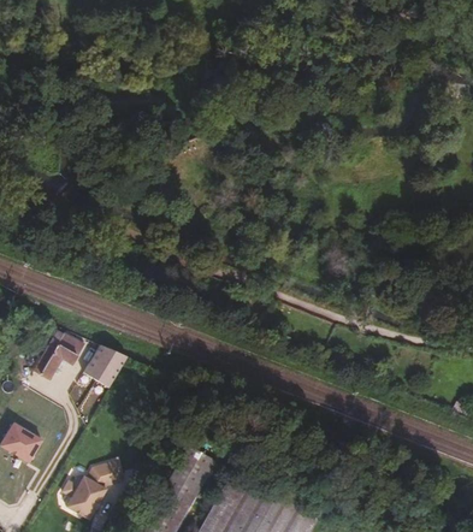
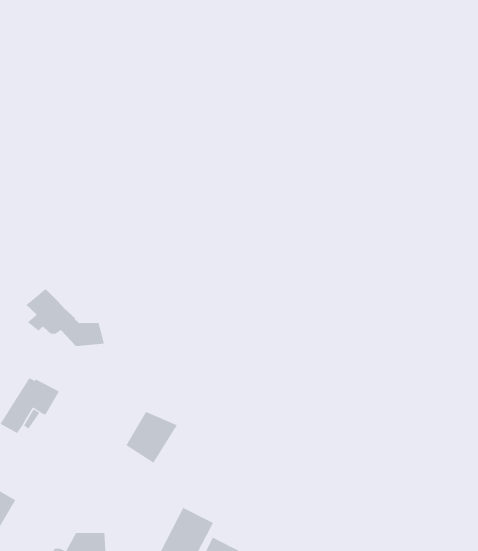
building: none -> [26,288,105,347]
building: [84,343,129,388] -> [126,411,178,463]

